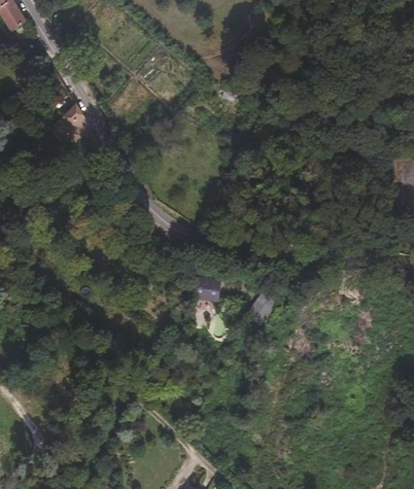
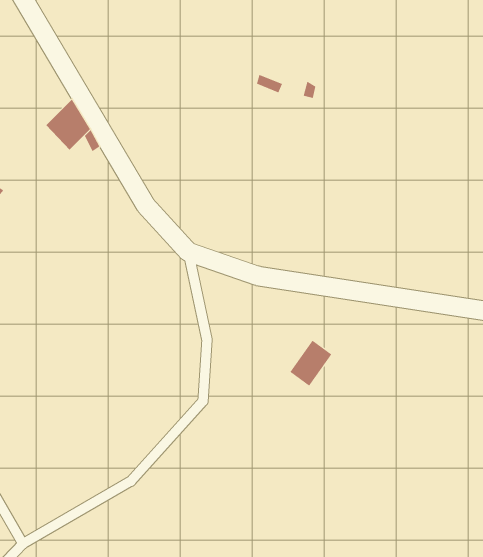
building: [194,276,216,296] -> none

